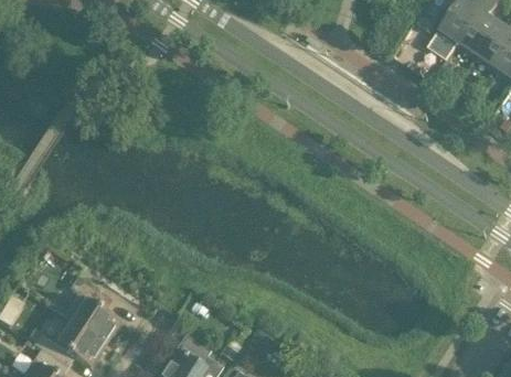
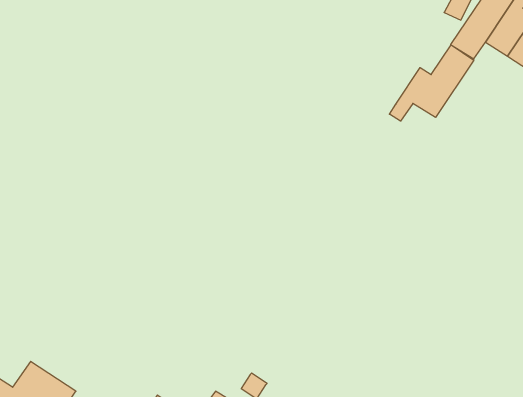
building: none -> [389,45,474,121]
building: [65,276,125,343] -> none

